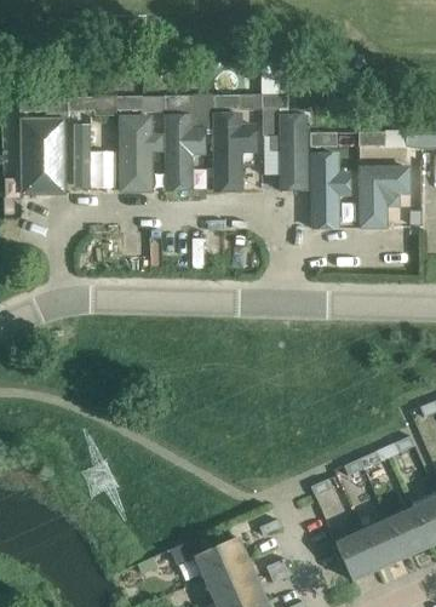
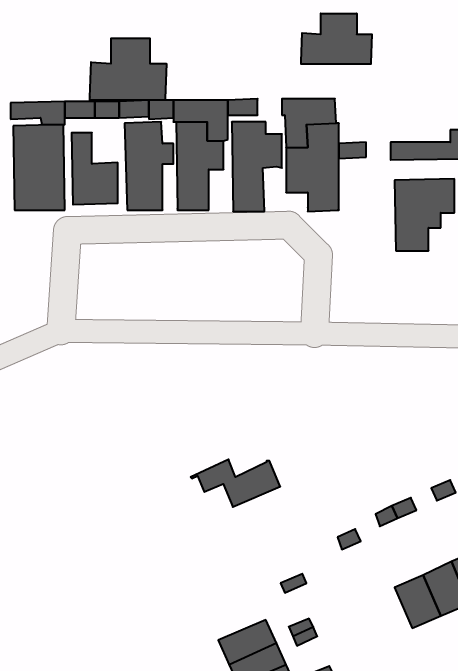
building: none -> [301,13,372,64]
building: none -> [90,38,166,100]
building: [310,153,352,229] -> none
building: [333,531,375,579] -> none
building: [165,536,245,578] -> [191,459,280,507]

